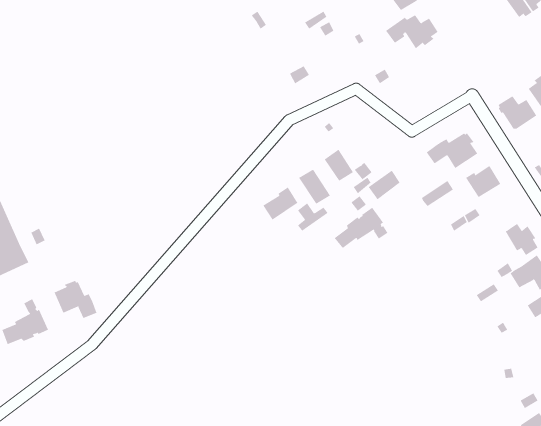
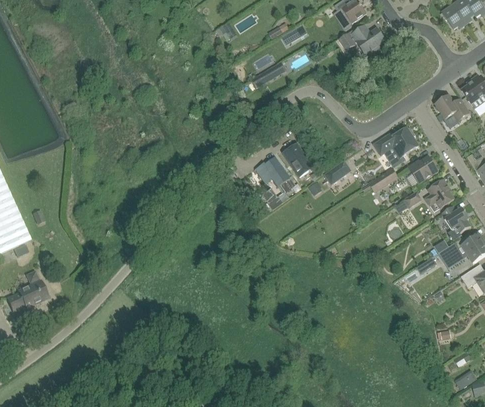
building: [263,187,298,220] -> none
building: none -> [424,180,453,212]
building: [334,207,388,249] -> none
building: [54,280,97,319] -> none

